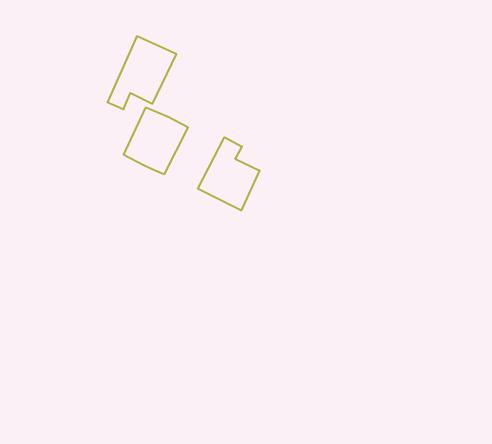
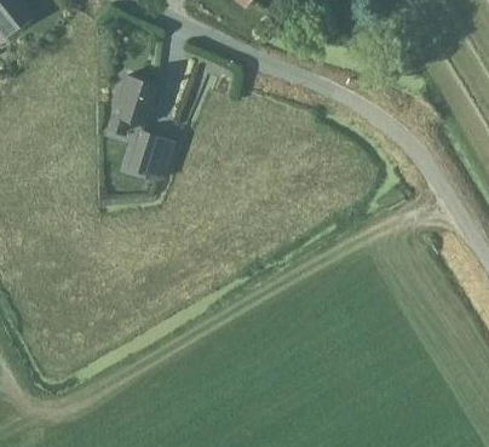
building: [198,137,260,211] -> none

